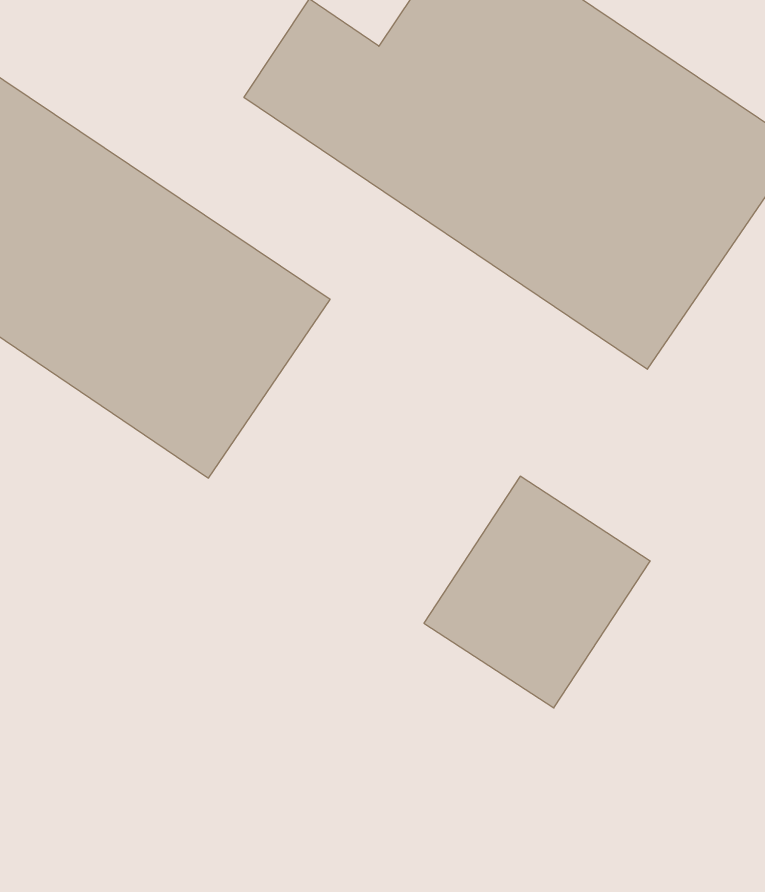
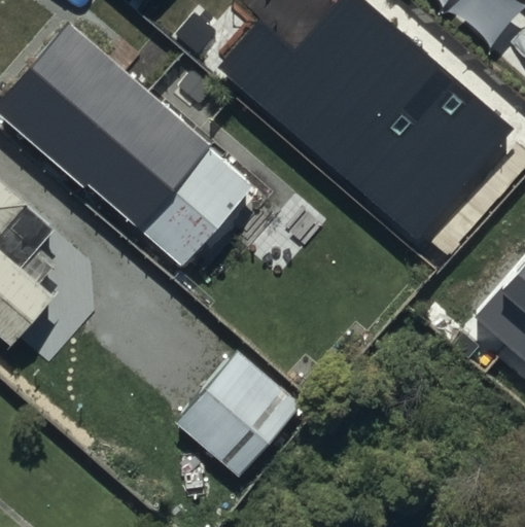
building: [424,476,650,708] -> [177,352,302,478]

